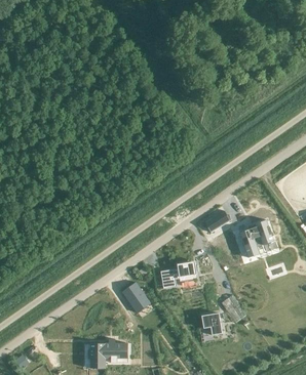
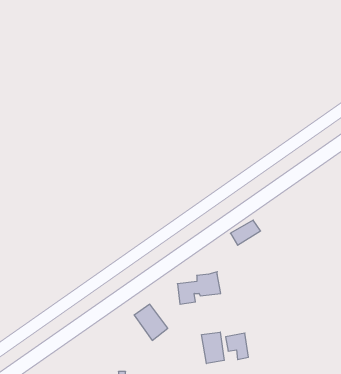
building: [238,218,271,252] -> none
building: none -> [202,332,224,364]

